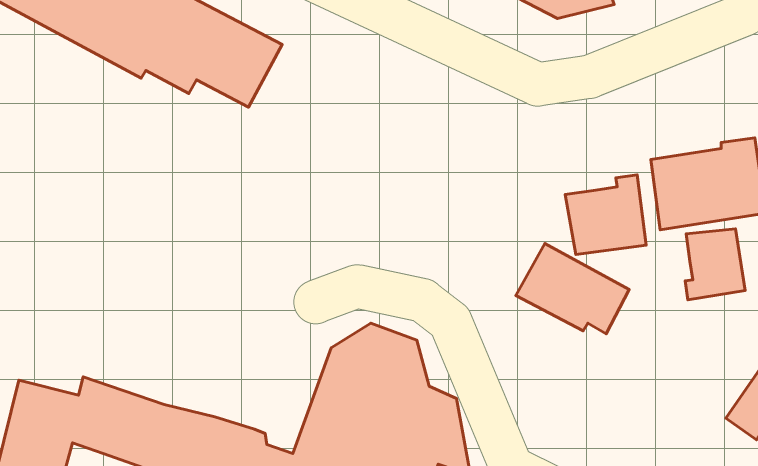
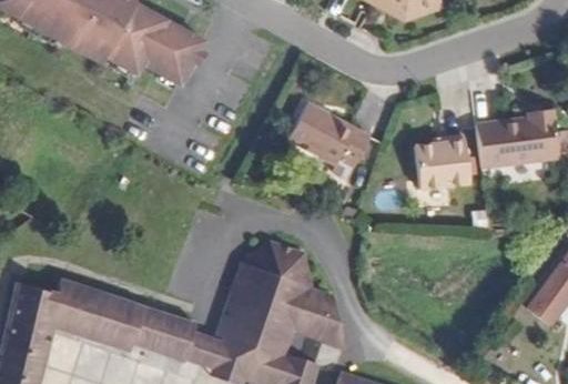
building: [685,229,745,300] -> none
building: [516,243,629,334] -> [288,102,371,168]

